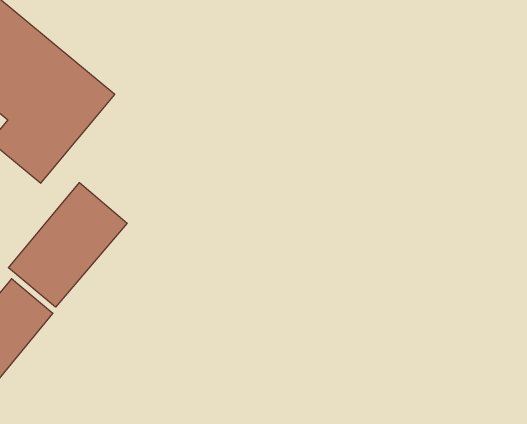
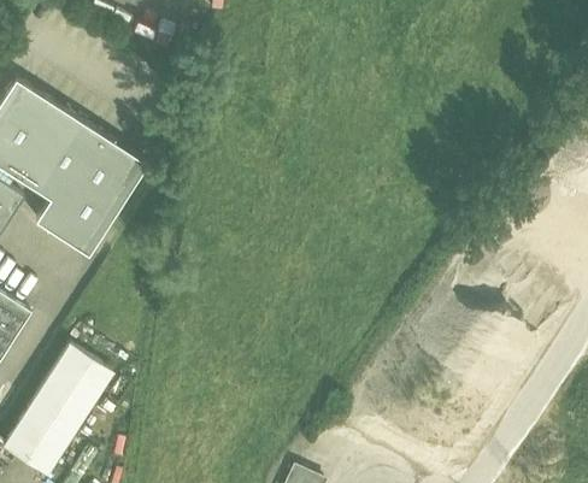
building: [8,183,127,307] -> none

